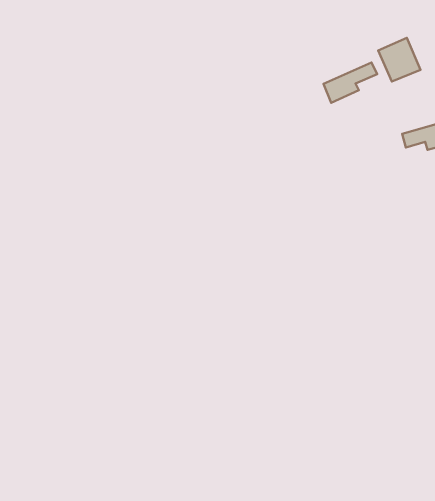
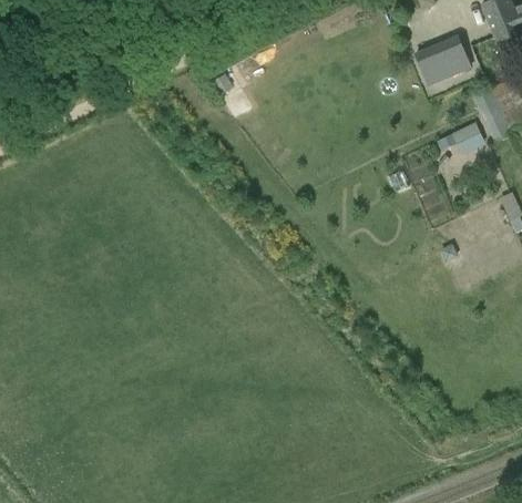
building: [323,63,377,103] -> none

